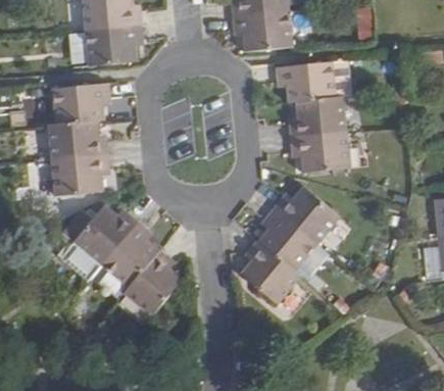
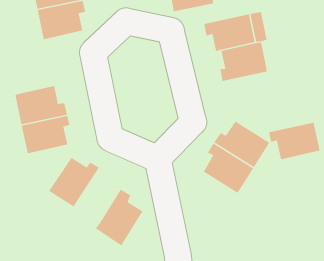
building: [51,83,108,124] -> none
building: [290,134,348,174] -> [268,122,320,160]
building: [100,222,157,287] -> none
building: [238,241,298,303] -> none

